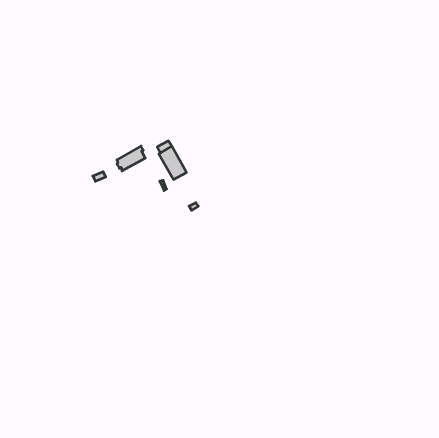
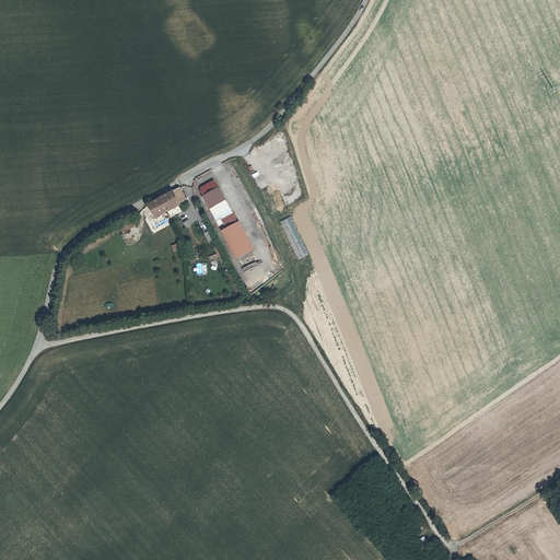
building: none -> [221,220,253,258]

